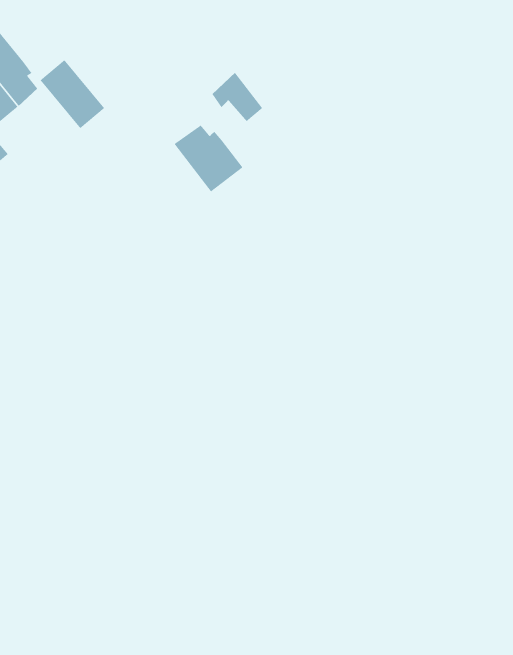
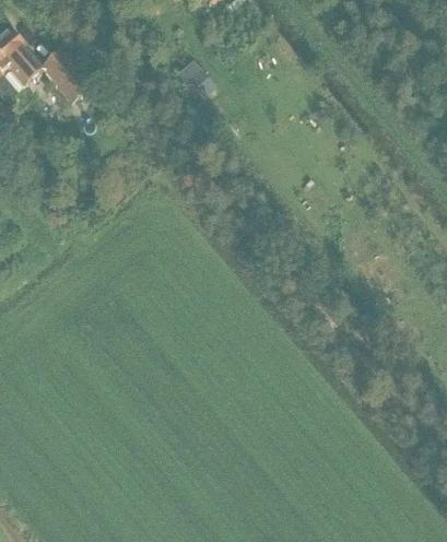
building: [174,125,243,192] -> none

